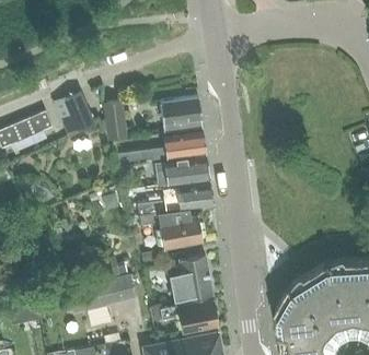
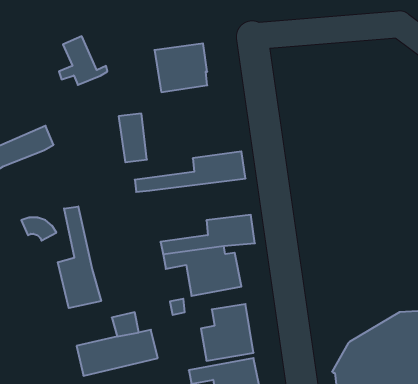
building: [61,95,101,134] -> [59,36,107,85]
building: [159,98,201,138] -> [154,43,207,92]
building: [154,158,209,188] -> none
building: none -> [58,206,101,308]

